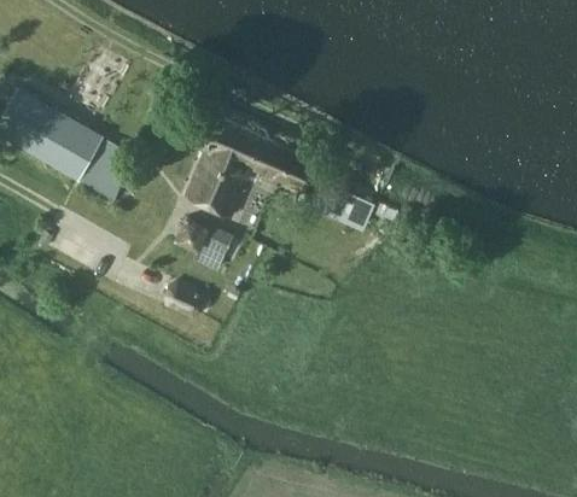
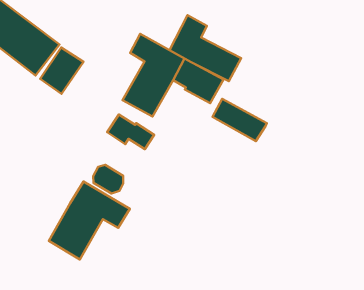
building: none -> [170,15,241,81]
building: none -> [49,182,130,259]

